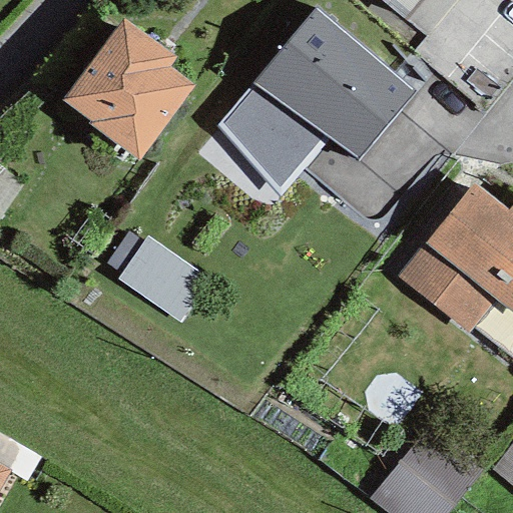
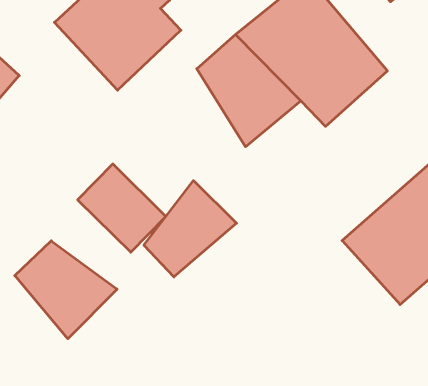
building: none -> [144,181,237,277]
building: none -> [15,241,117,339]

